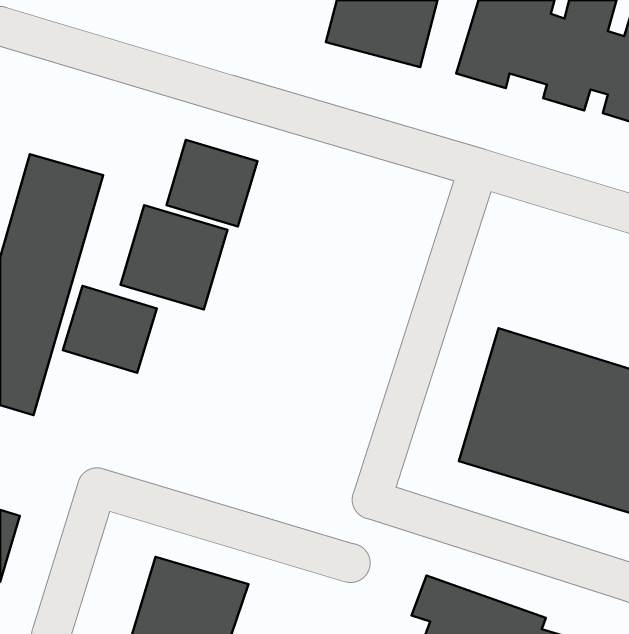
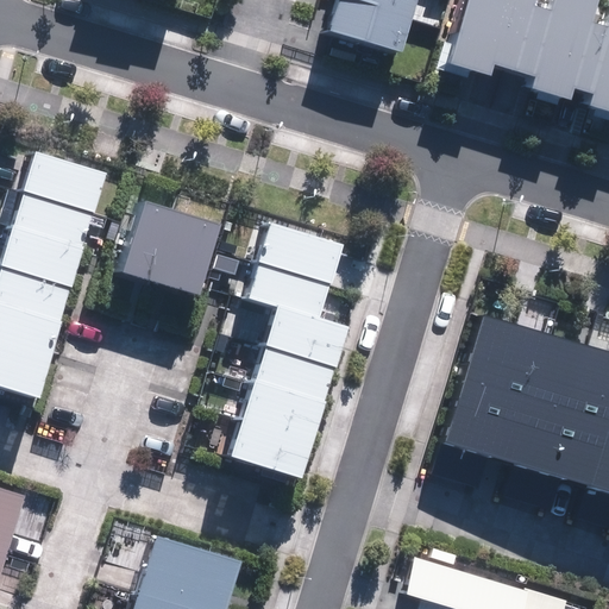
building: [166,140,258,226] -> none
building: none -> [226,219,344,477]
building: [63,286,157,373] -> none

